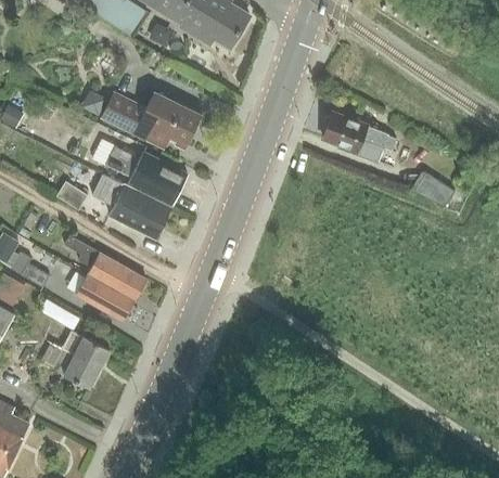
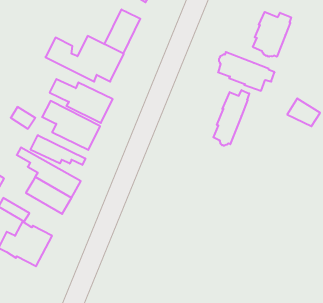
building: none -> [105,9,140,53]
building: none -> [253,12,291,57]
building: none -> [213,90,249,146]
building: none -> [31,135,85,165]

